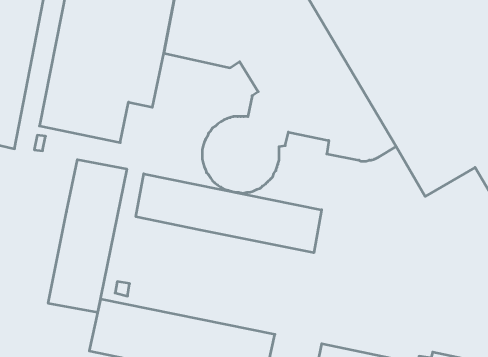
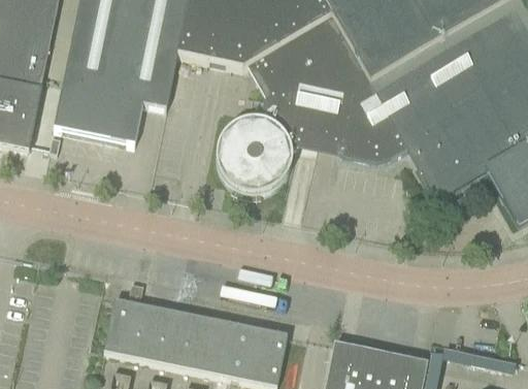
building: [48,160,127,313] -> none
building: [136,174,322,253] -> none

